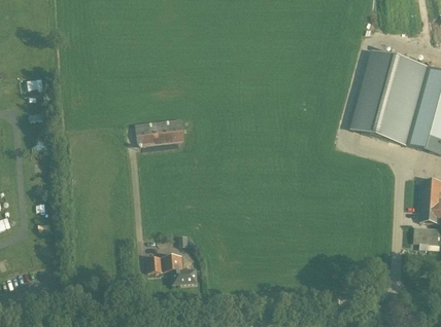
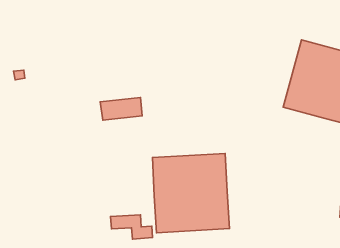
building: none -> [152,154,230,233]

